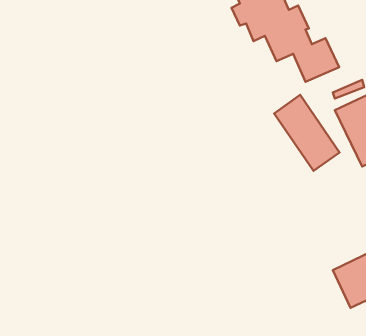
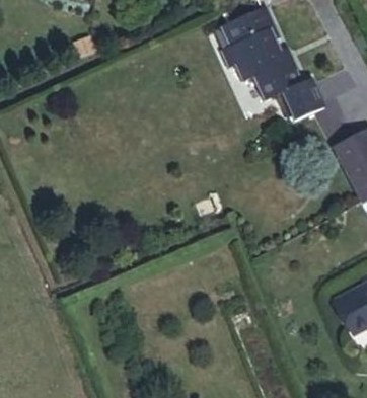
building: [274,95,340,171] -> none

